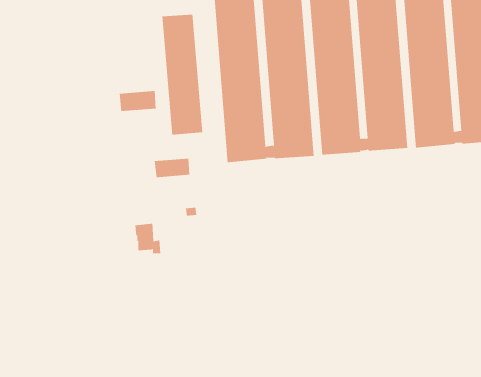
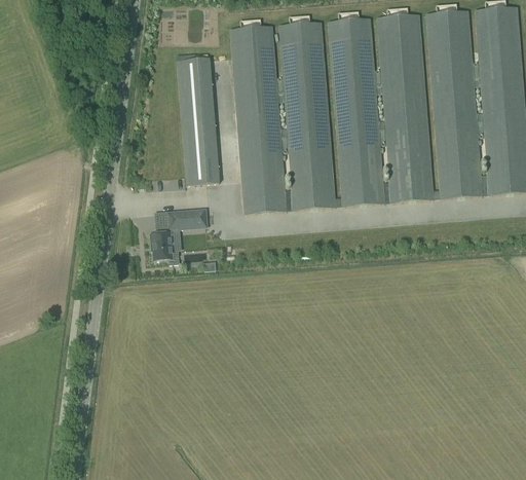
building: [119,90,156,112] -> none
building: [134,223,161,254] -> [151,231,179,263]

